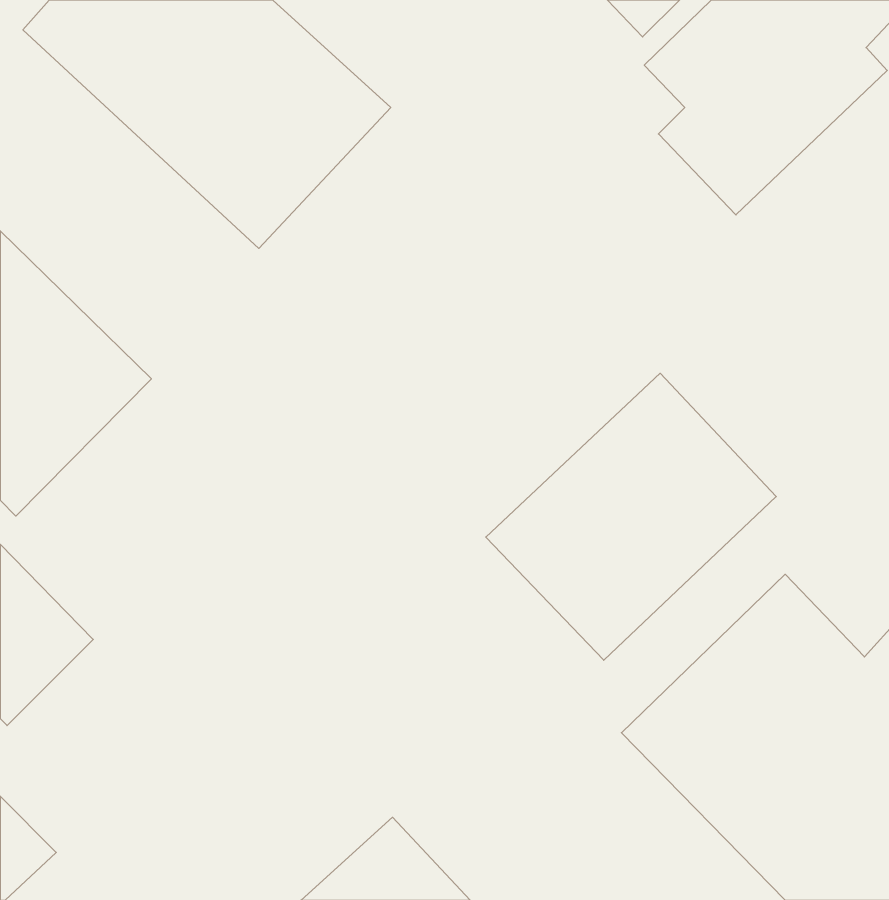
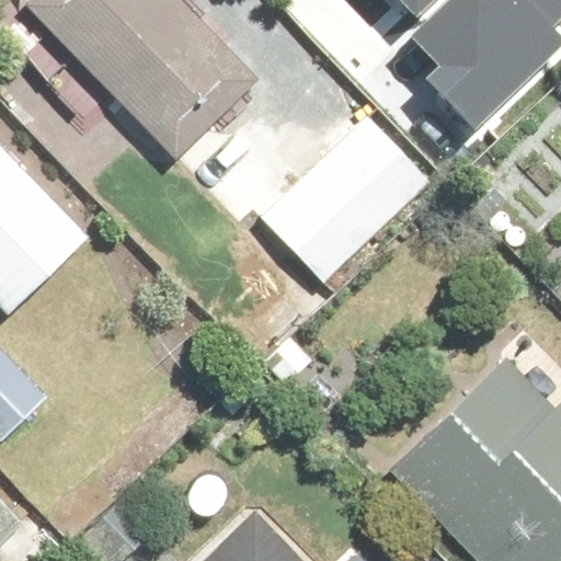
building: [486,373,776,660] -> [255,119,436,298]

